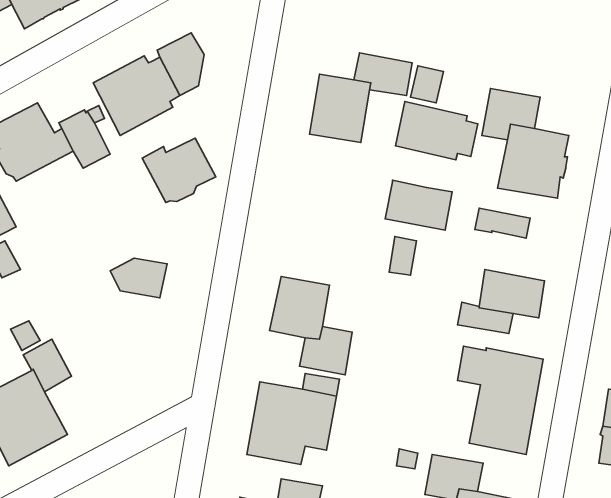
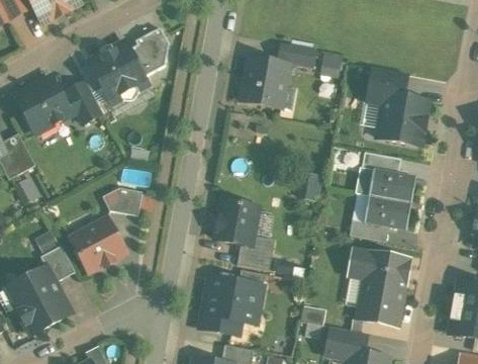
building: [395,101,478,160] -> none
building: [142,138,216,203] -> none
building: [385,180,452,230] -> [368,168,415,203]
building: none -> [71,218,125,271]

